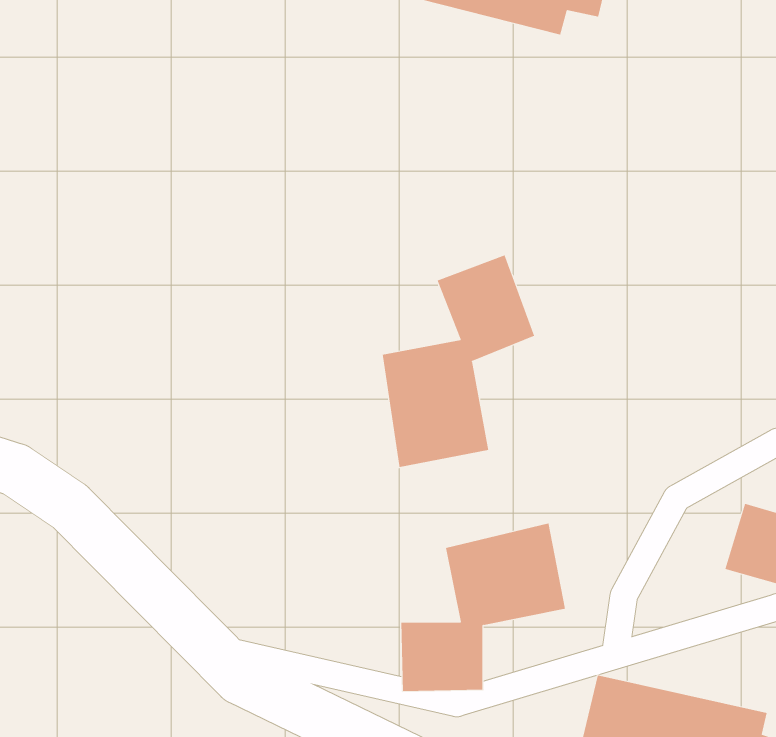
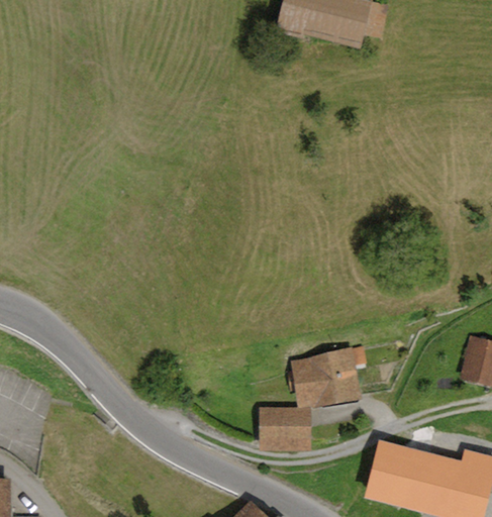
building: [382,255,535,468] -> none

